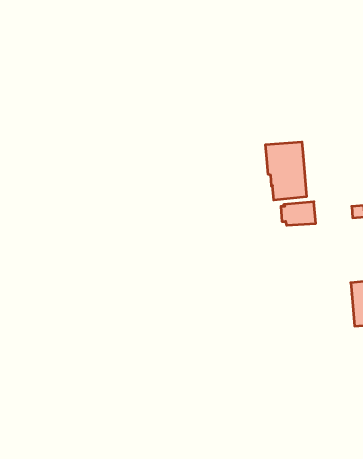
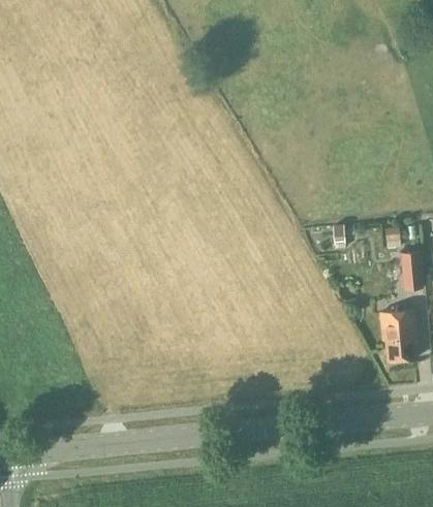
building: [266,142,306,200] -> none

